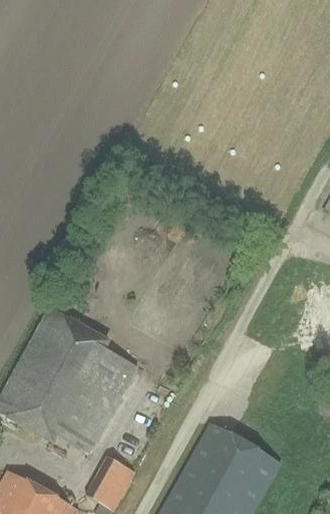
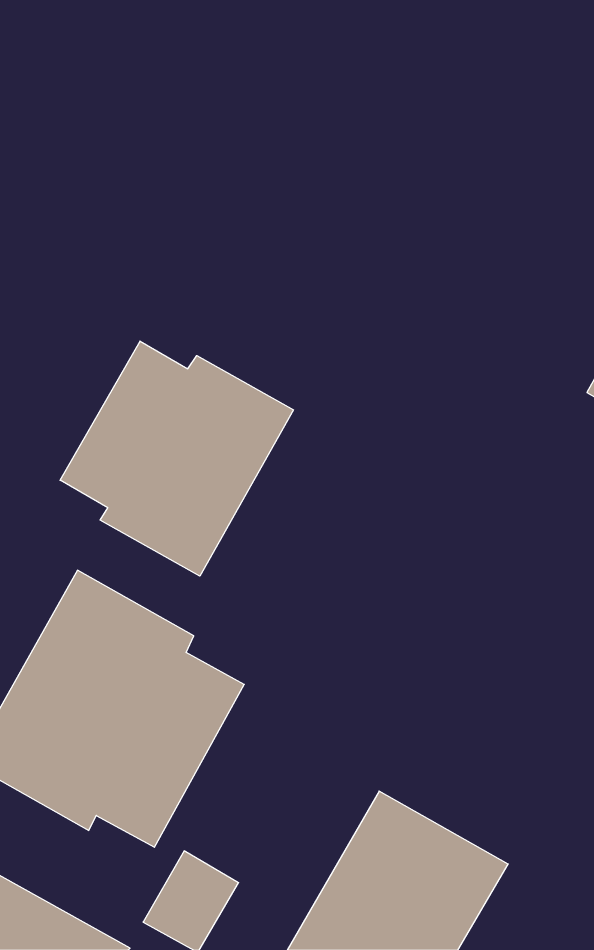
building: none -> [60,341,293,576]

